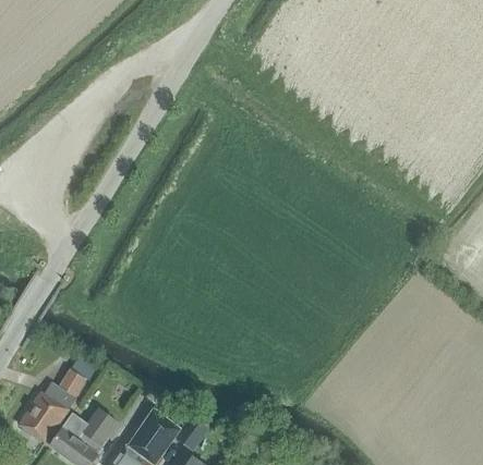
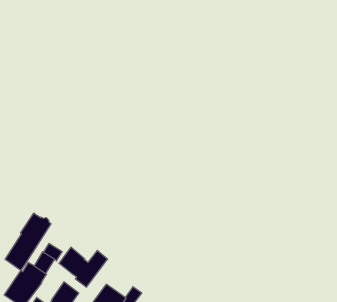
building: none -> [5,213,51,270]
building: none -> [59,247,107,287]

